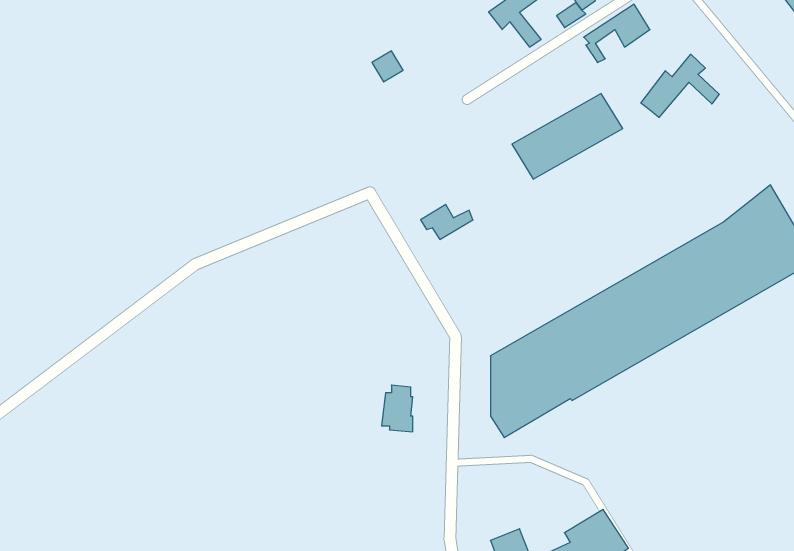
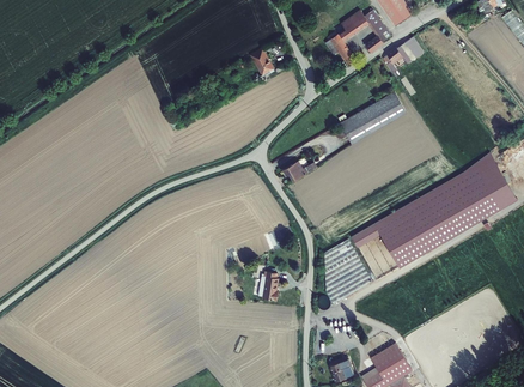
building: [641,54,719,117] -> none

